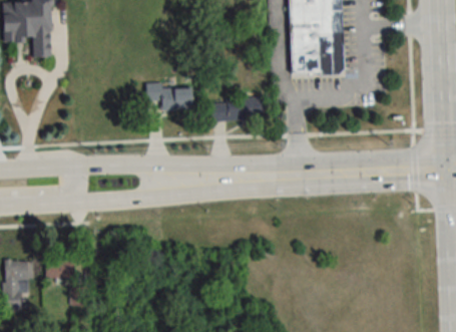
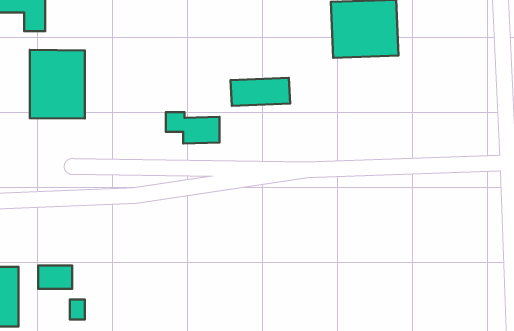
building: none -> [30,50,85,119]
building: [145,83,191,110] -> [166,112,219,144]

